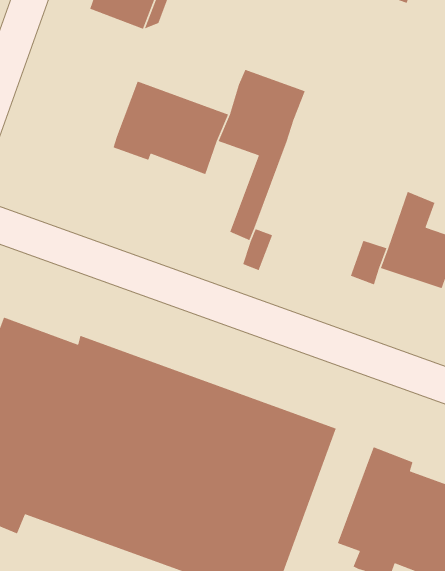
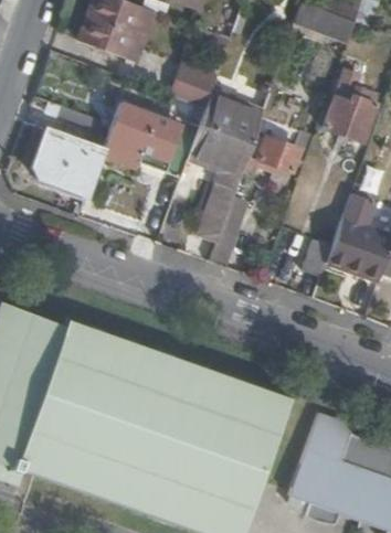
building: none -> [325,57,378,140]
building: none -> [173,62,218,105]
building: none -> [31,129,103,194]
building: none -> [249,135,299,170]

